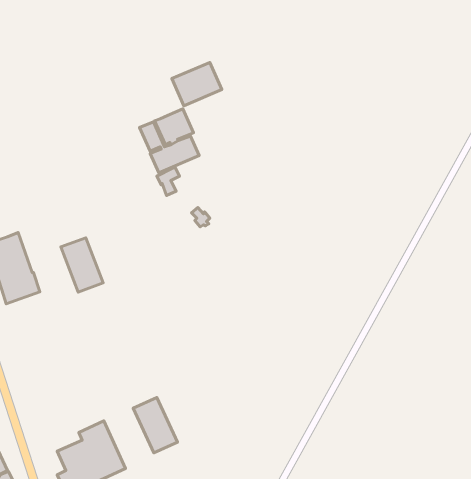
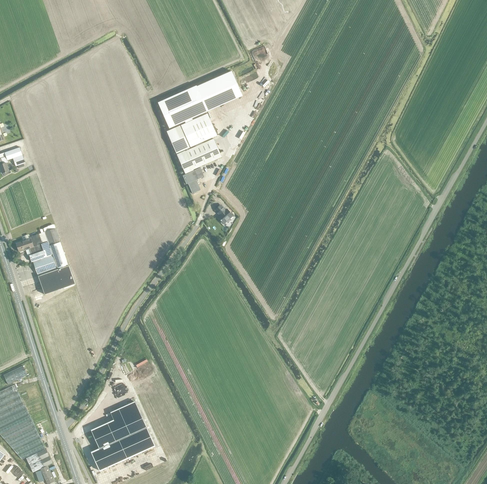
building: none -> [157,86,207,128]
building: [61,238,103,292] -> none
building: [133,397,178,453] -> none

